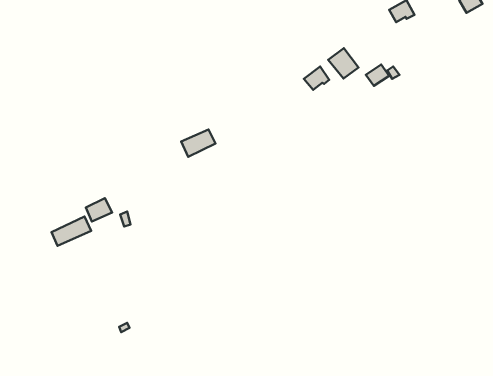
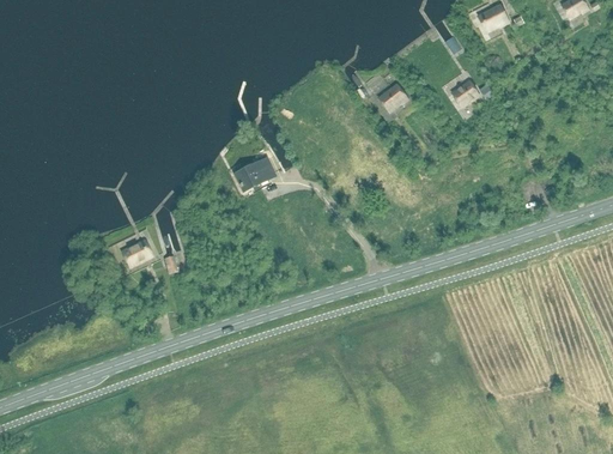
building: [328,48,358,78] -> none
building: [52,217,91,246] -> none

